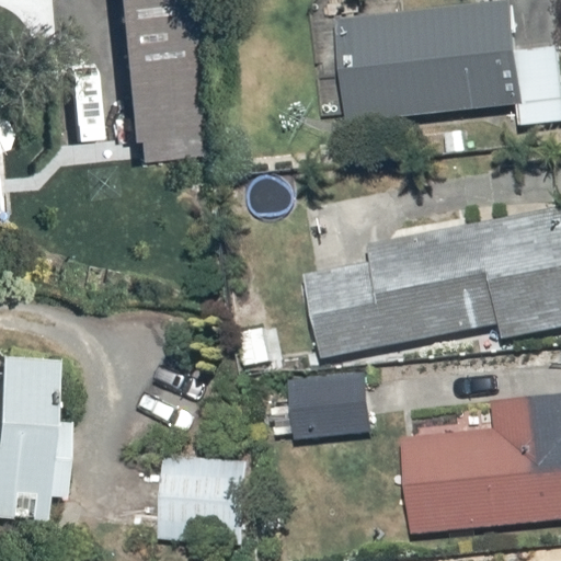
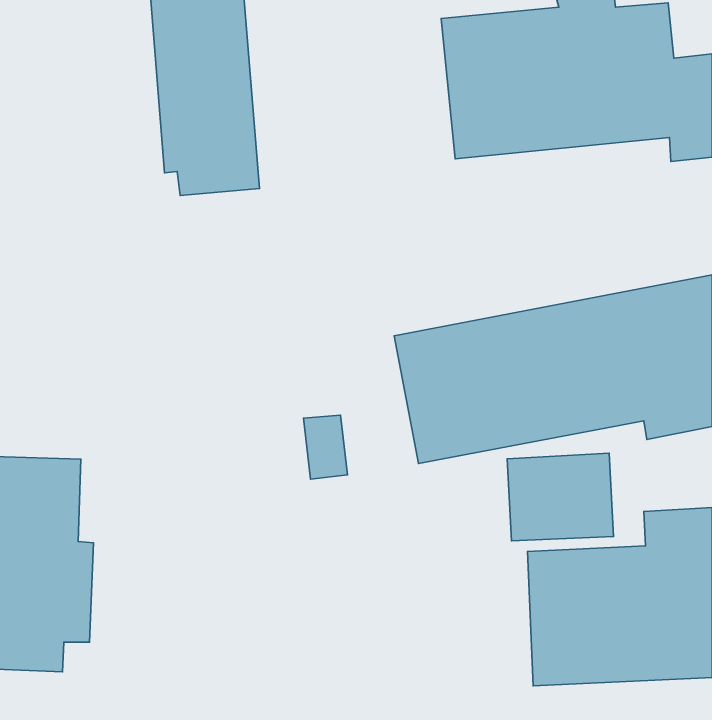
building: [293,366,375,434] -> [507,453,614,541]
building: [159,451,244,540] -> none

